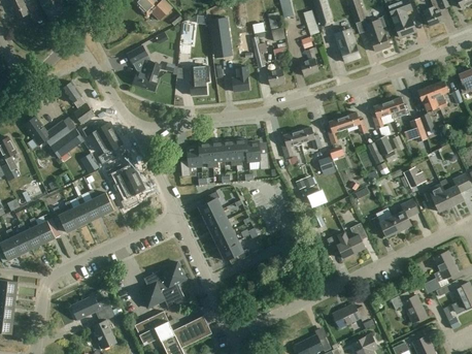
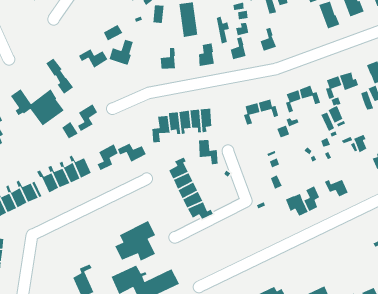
building: [335,28,360,61] -> none
building: [81,120,115,142] -> [78,48,109,69]
building: [246,140,269,169] -> [198,139,219,165]
building: [106,163,139,186] -> [117,142,147,163]
building: [392,198,419,231] -> none
building: [391,291,427,323] -> none
building: [69,294,112,320] -> none
building: [333,303,369,328] -> none

